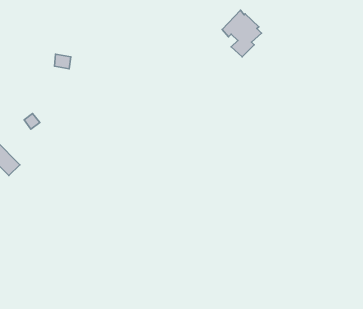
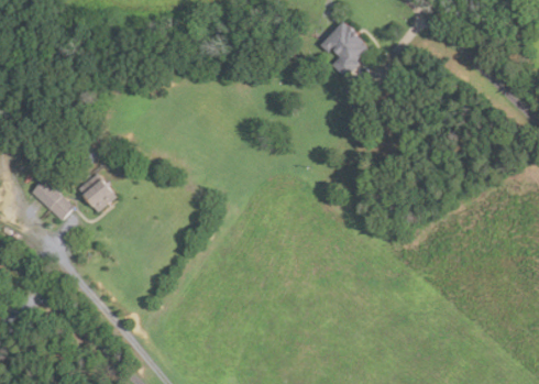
building: none -> [79,172,119,211]

